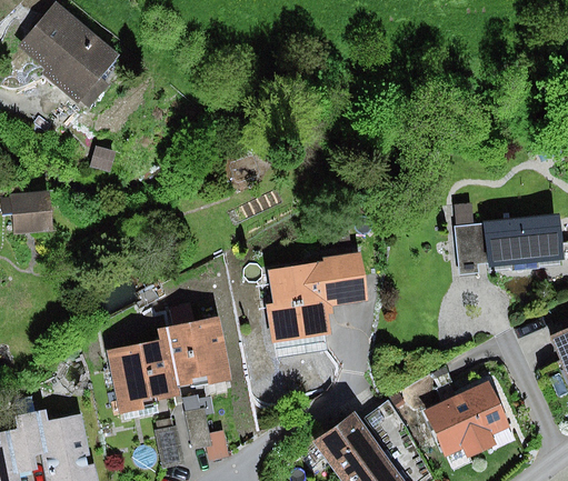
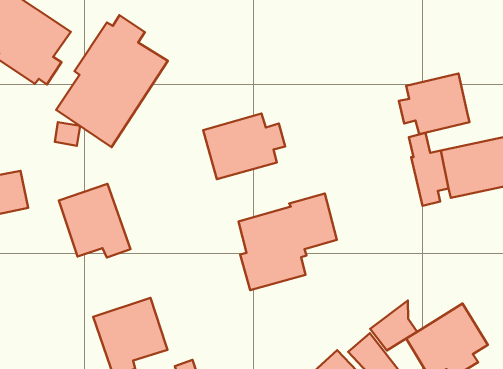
building: none -> [56,15,168,147]
building: none -> [399,74,470,134]
building: none -> [203,114,285,179]
building: [166,317,233,392] -> [59,184,131,257]

